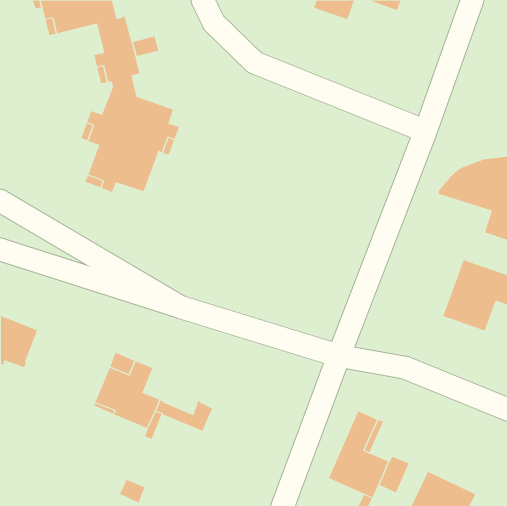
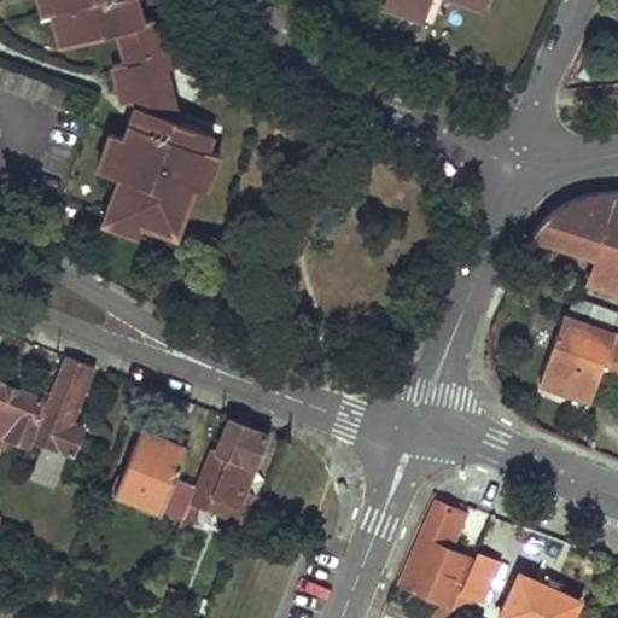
building: none -> [33,357,93,488]
building: none -> [200,421,267,506]

